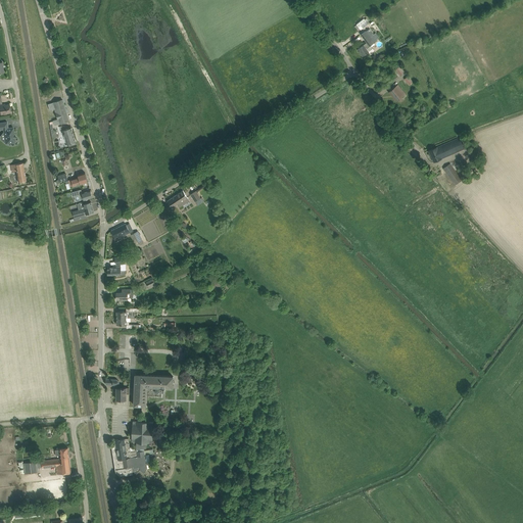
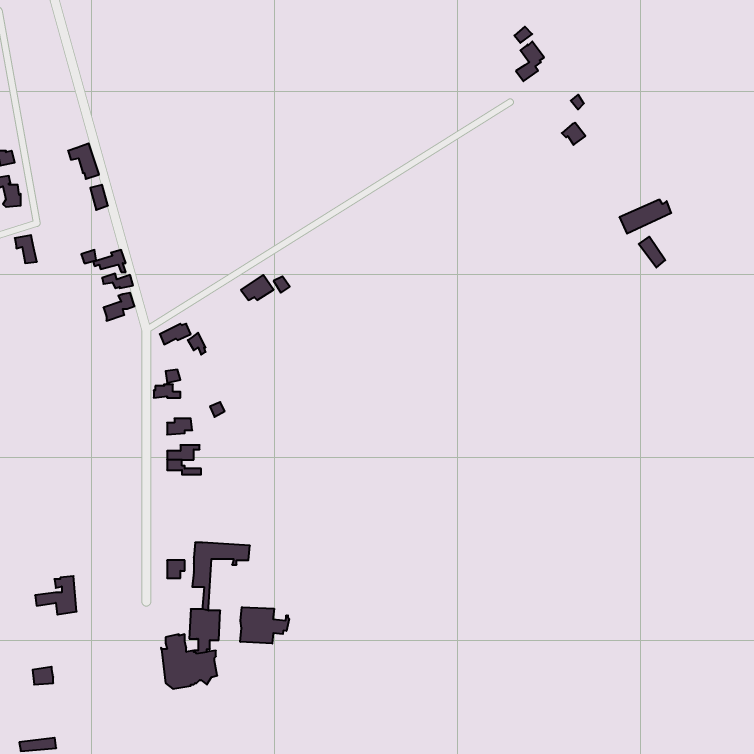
building: none -> [240,607,289,644]
building: [41,448,69,475] -> [35,576,77,615]

